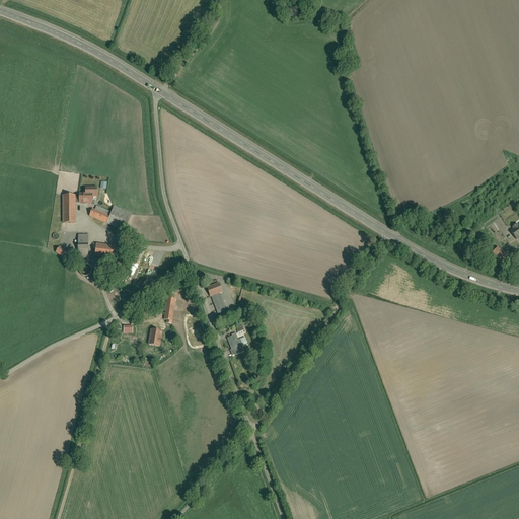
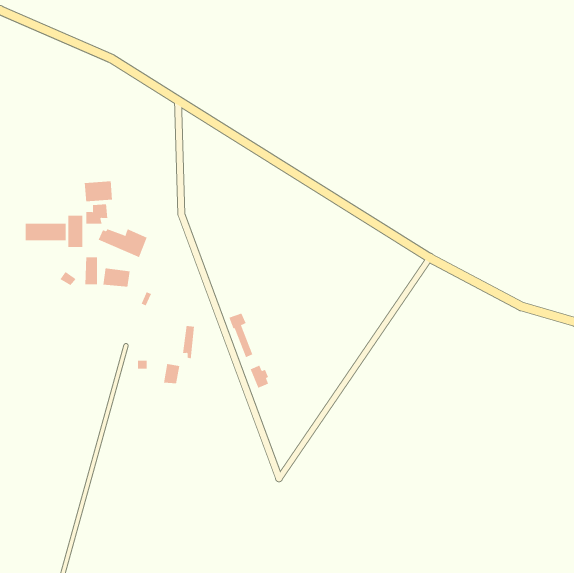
building: none -> [84,180,113,202]
building: none -> [25,223,66,241]

